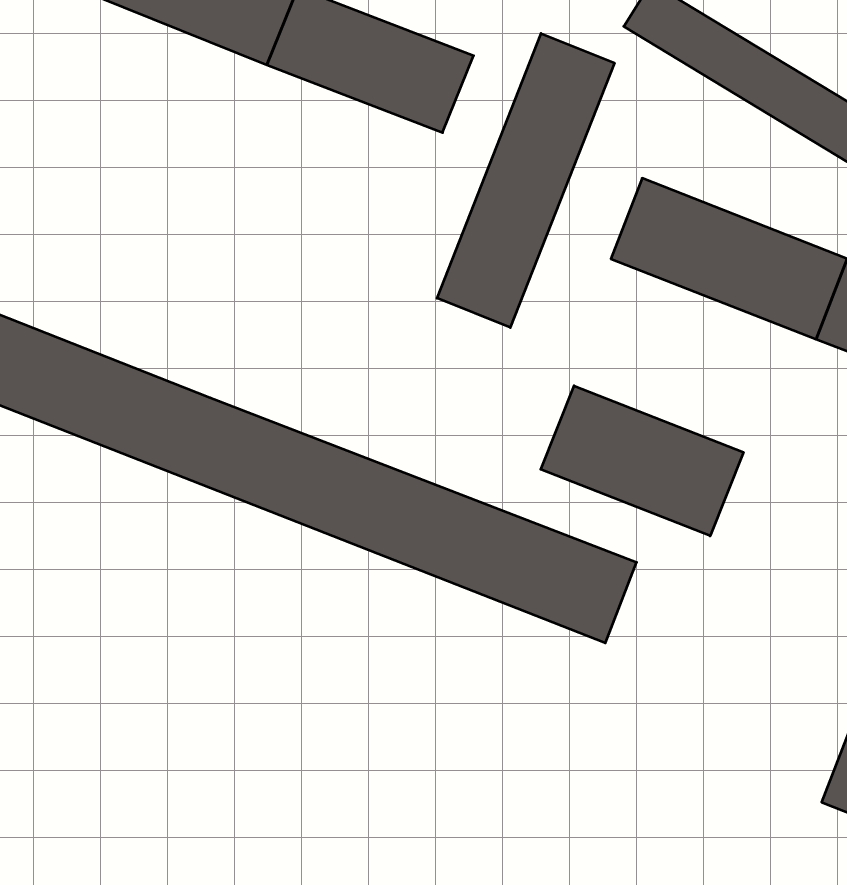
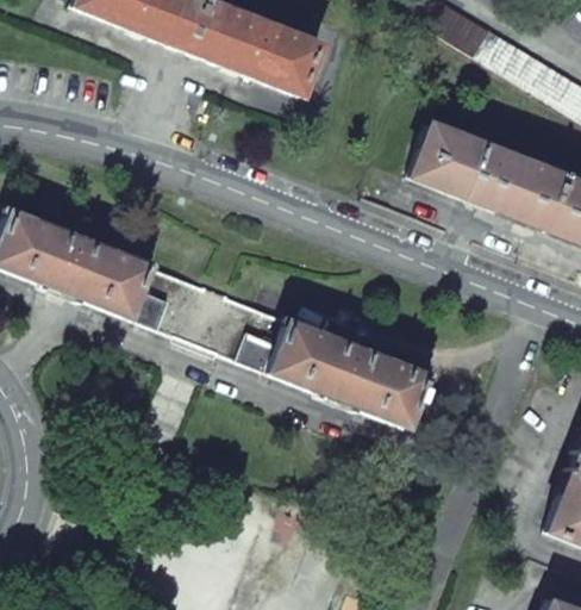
building: [437,33,614,328] -> none
building: [541,386,743,536] -> none

